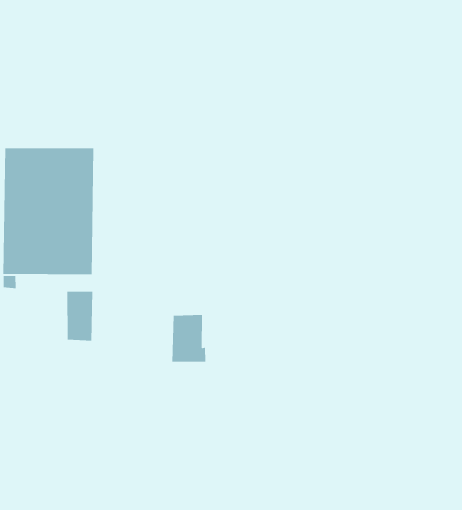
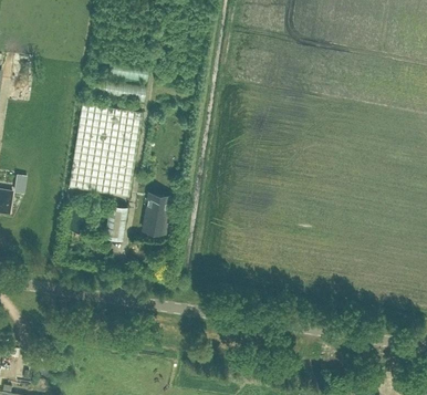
building: [171,314,206,362] -> [143,198,168,232]

